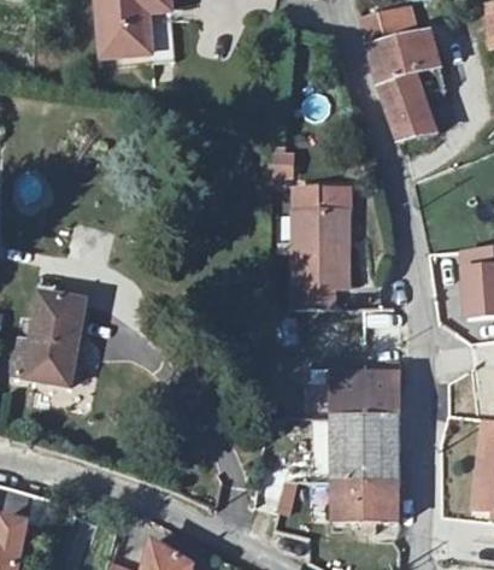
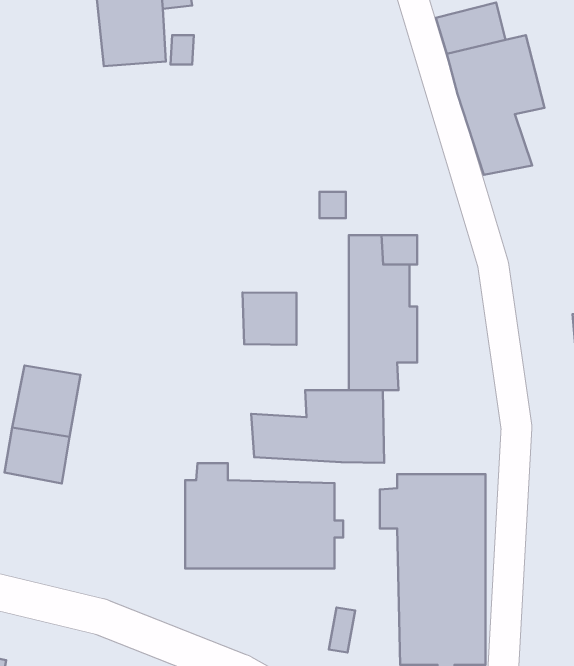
building: none -> [243,292,296,345]
building: none -> [251,390,384,463]
building: none -> [185,463,343,568]

